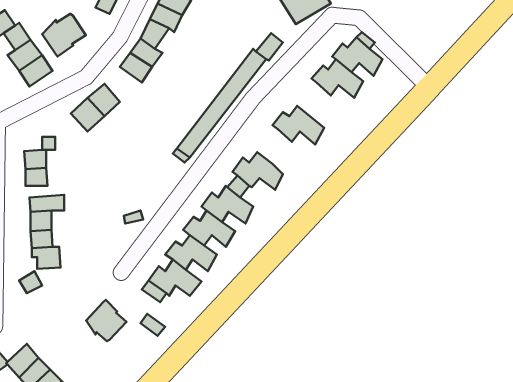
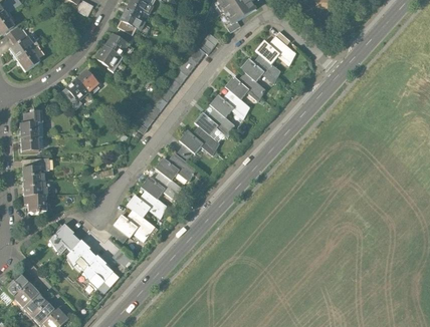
building: [42,14,86,57] -> none
building: none -> [228,69,267,99]
building: none -> [198,105,237,135]
building: none -> [51,223,81,257]
building: none -> [86,254,122,293]

